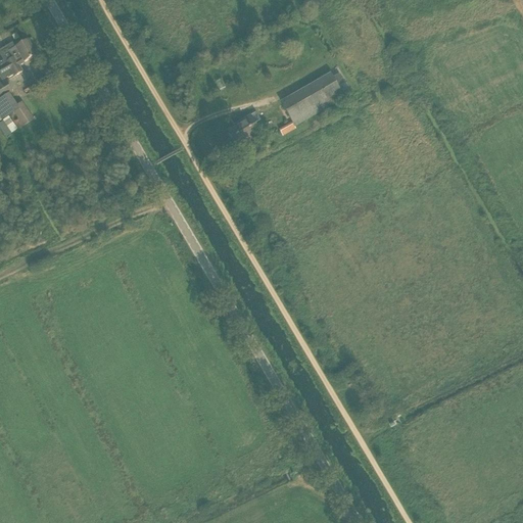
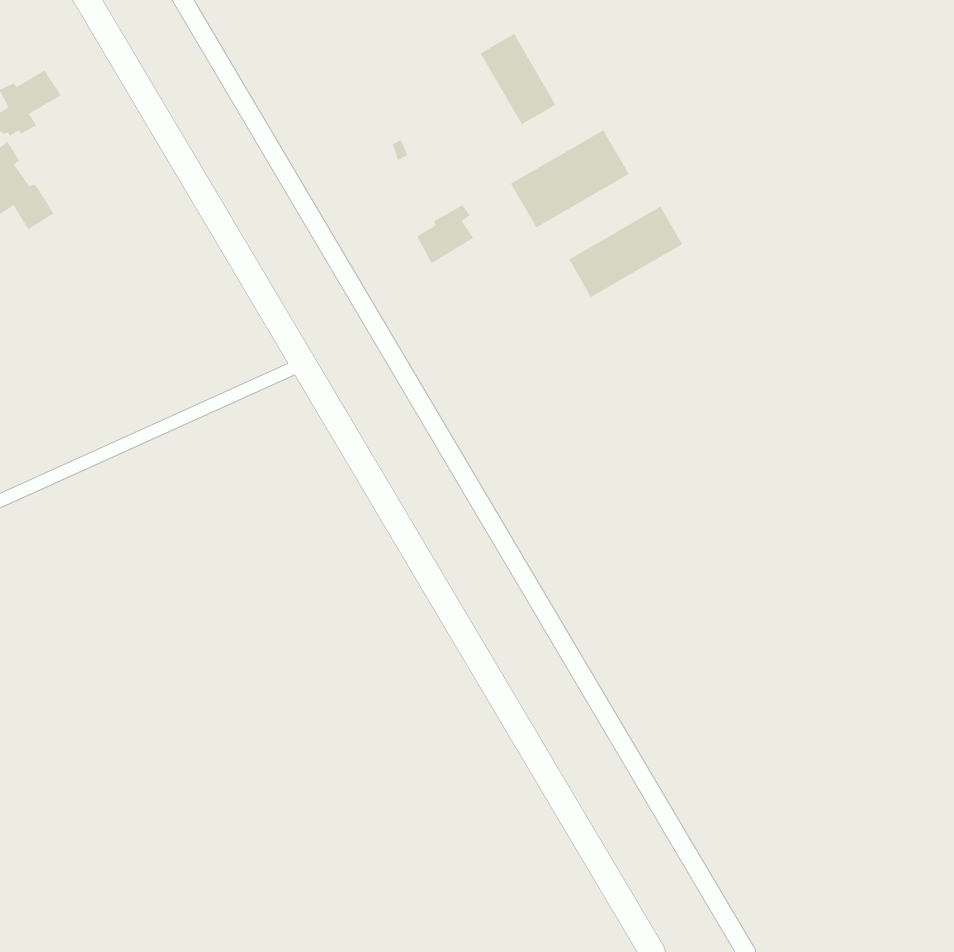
building: none -> [480,33,556,125]
building: none -> [568,205,683,298]

